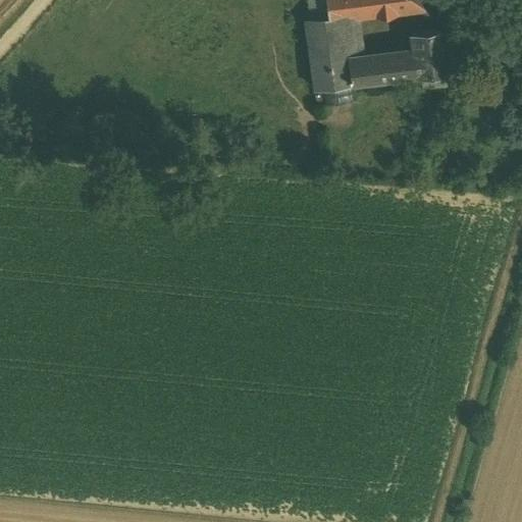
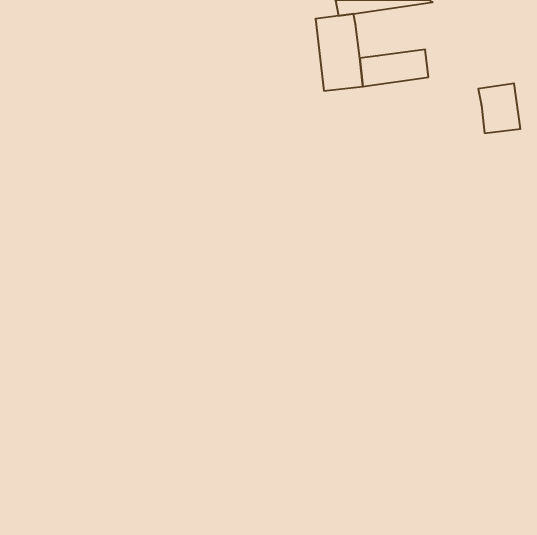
building: [344,25,365,60] -> none
building: [408,31,449,79] -> [478,83,520,133]

